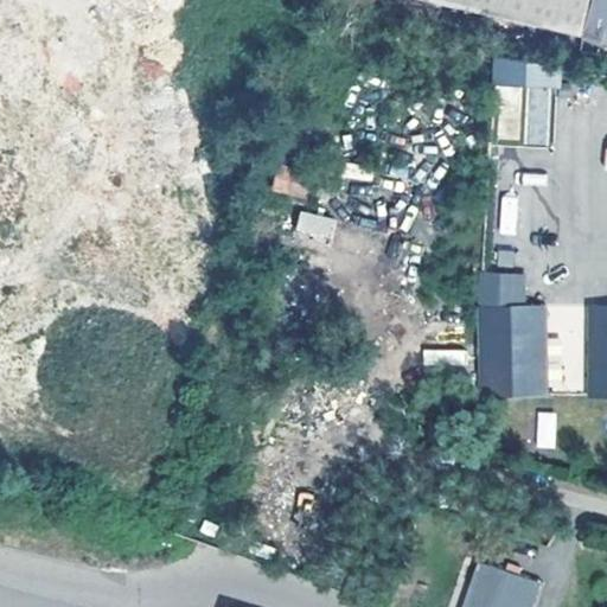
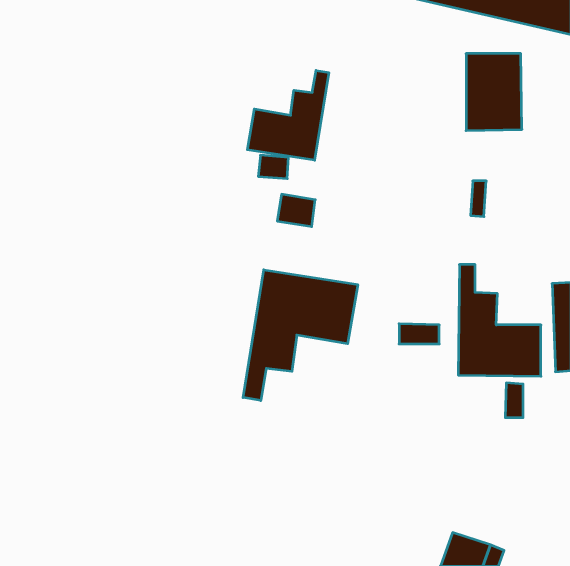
building: none -> [247,70,329,160]
building: none -> [243,270,358,401]

